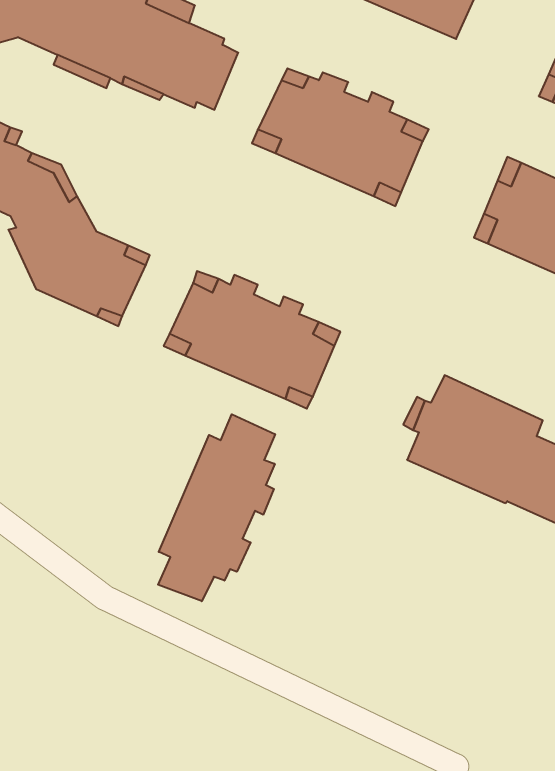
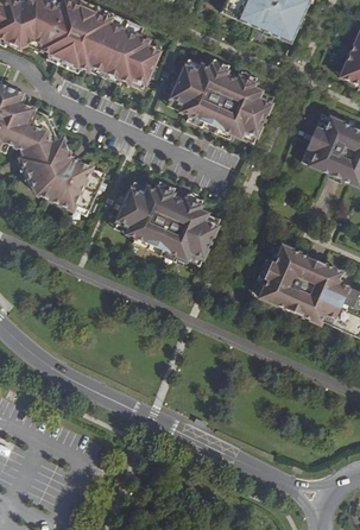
building: [158,414,275,601] -> none

